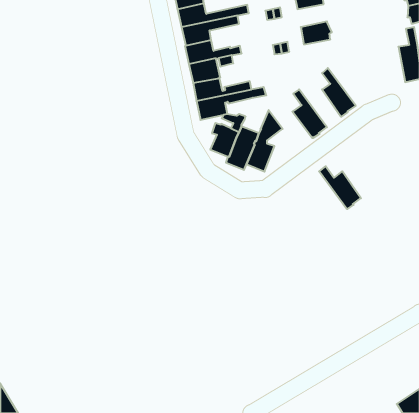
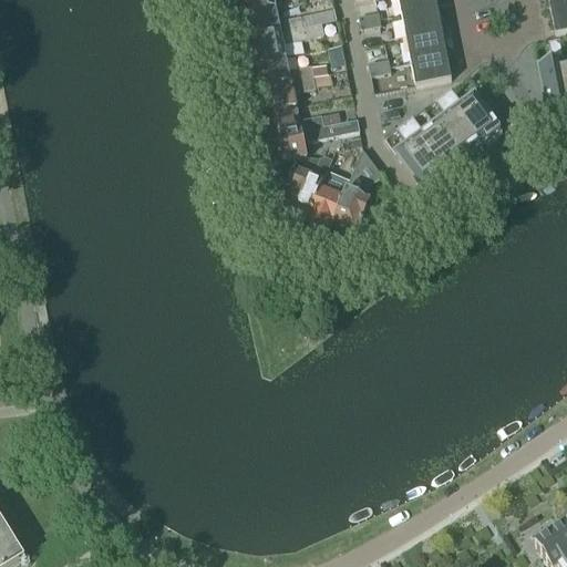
building: none -> [402,6,444,37]
building: none -> [411,53,453,83]
building: none -> [443,86,502,144]
building: [319,166,361,209] -> [404,114,461,172]

